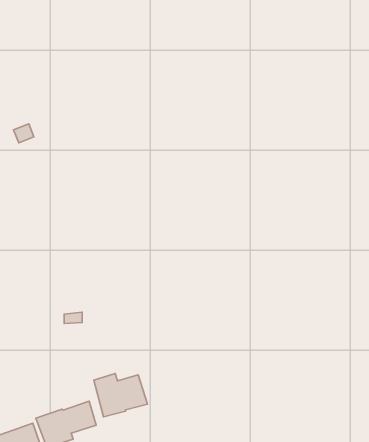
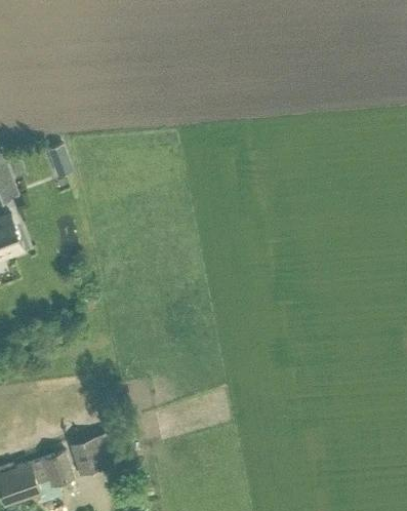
building: [94,373,148,417] -> none

